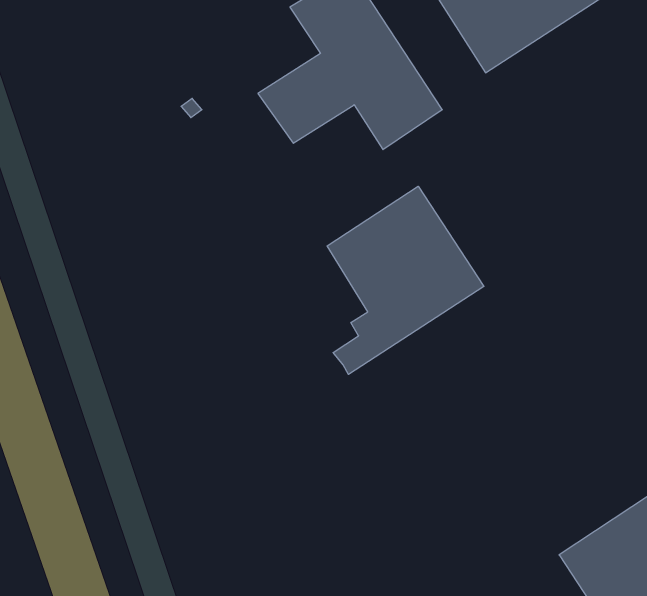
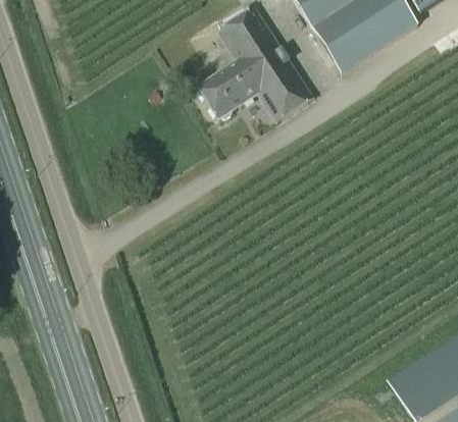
building: [327,186,484,374] -> none

